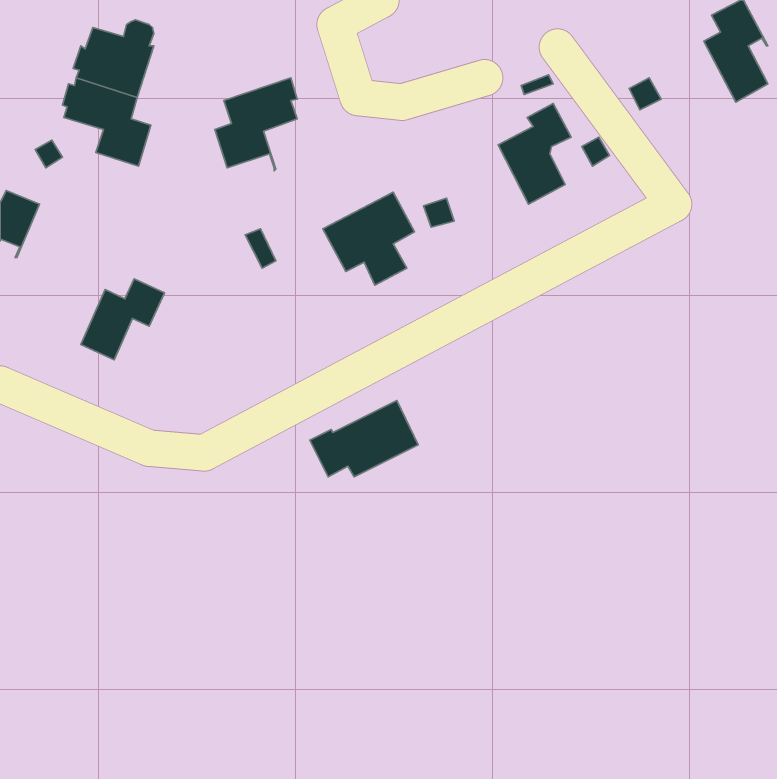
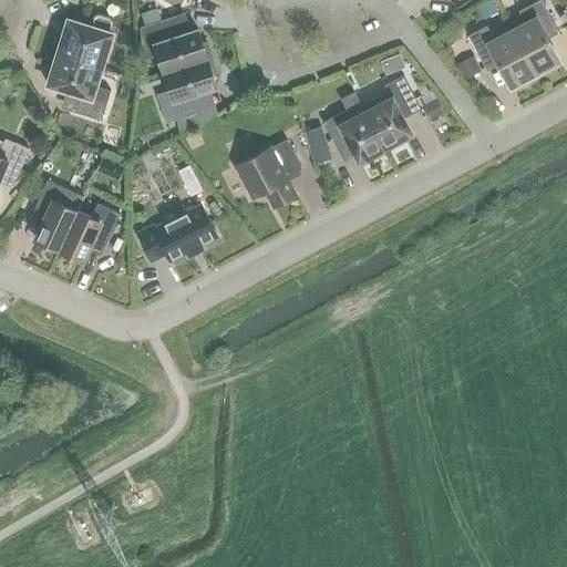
building: none -> [141,19,213,73]
building: none -> [468,25,536,89]
building: none -> [323,105,385,162]
building: none -> [35,179,84,250]
building: [310,401,418,477] -> [138,205,217,260]

